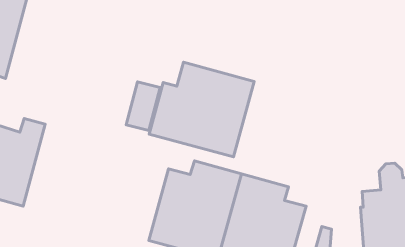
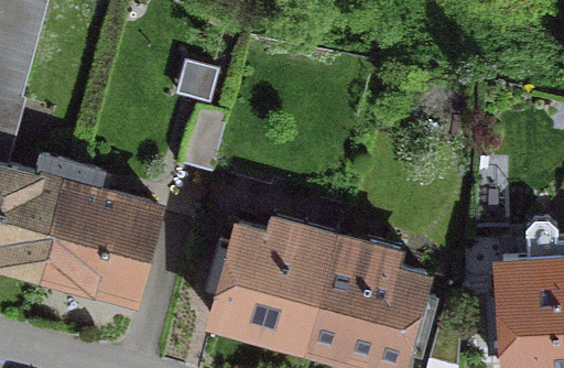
building: [149,62,254,157] -> none
building: none -> [37,170,153,306]

